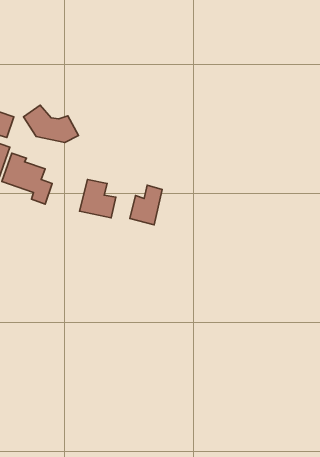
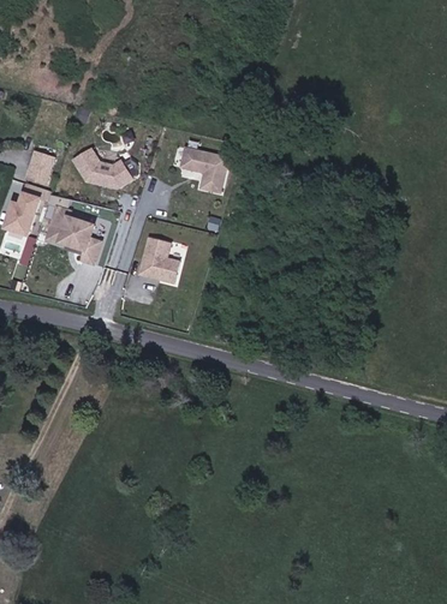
building: none -> [175,143,230,192]
building: [130,185,162,225] -> none

